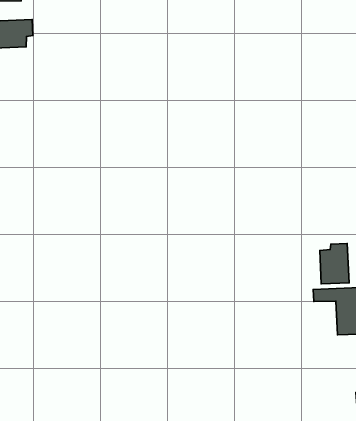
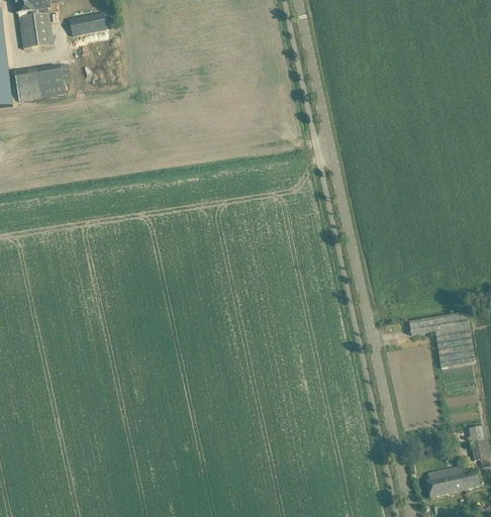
building: [320,244,349,284] -> none

